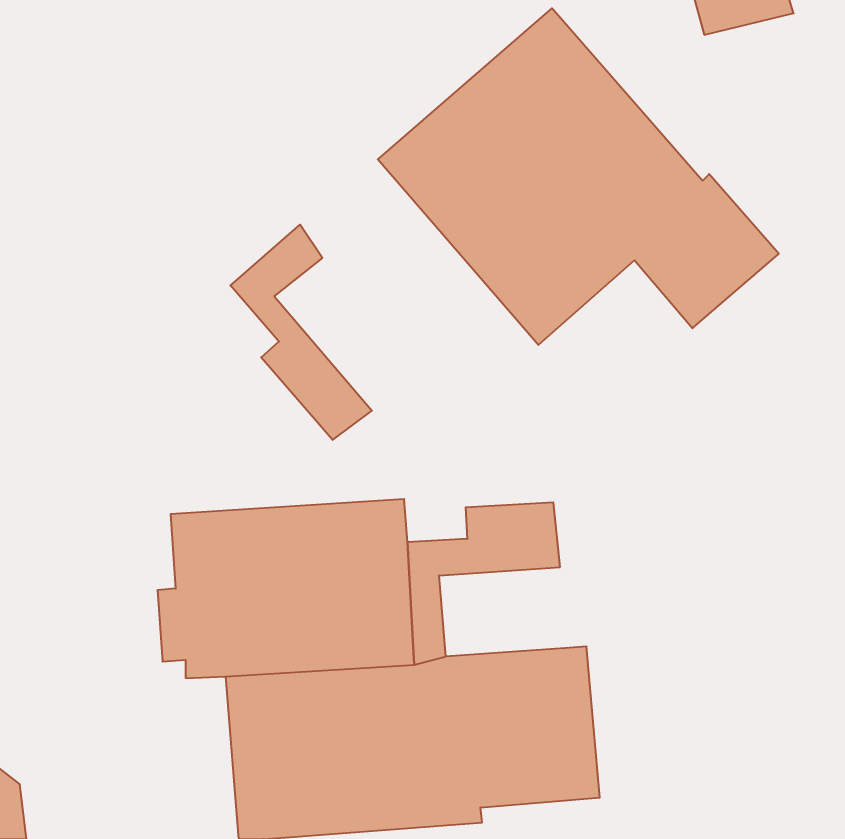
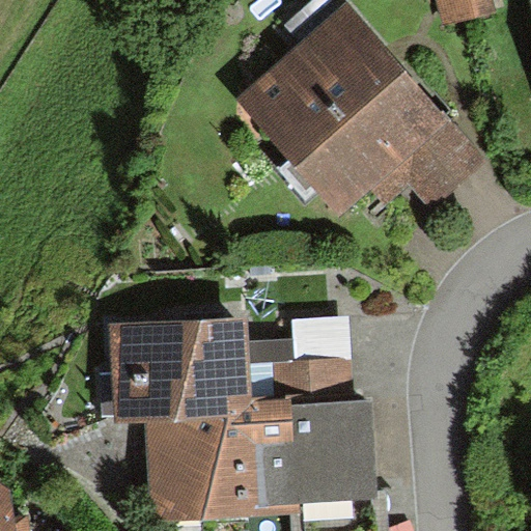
building: [230,225,372,440] -> none
building: none -> [275,355,354,411]

